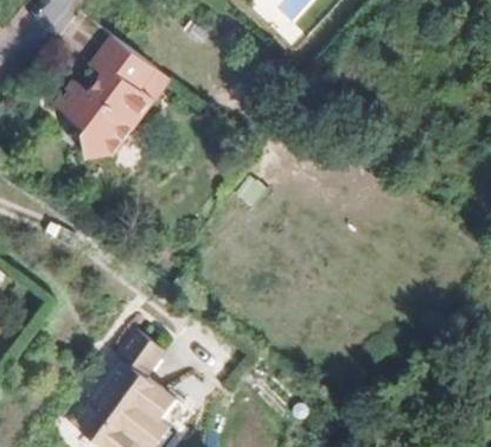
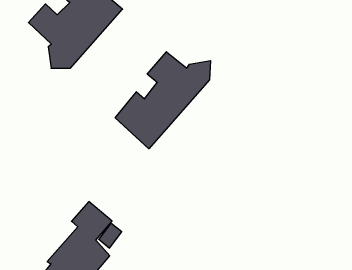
building: none -> [115,52,211,149]

